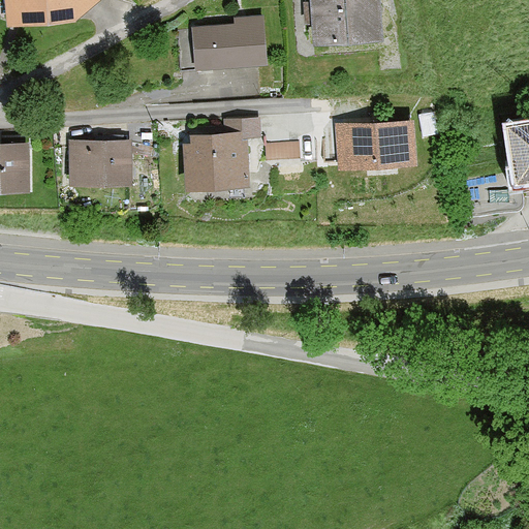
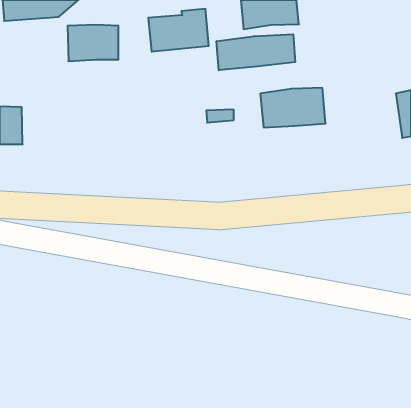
building: none -> [217,34,295,70]
building: [182,119,260,188] -> none
building: [67,139,132,186] -> [68,25,118,61]

